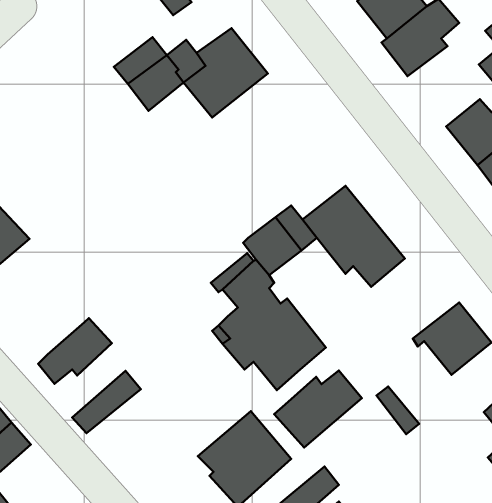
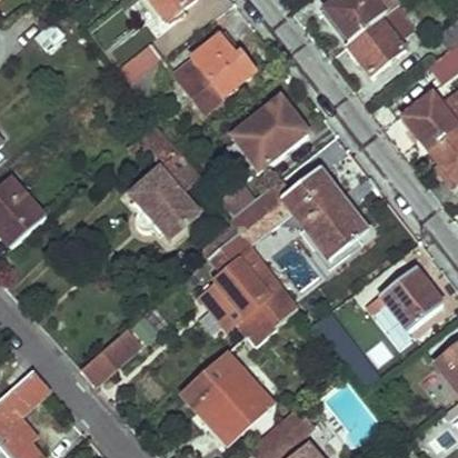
building: none -> [232,98,308,170]
building: none -> [126,123,202,243]
building: [38,318,112,384] -> none
building: [274,370,362,448] -> none

